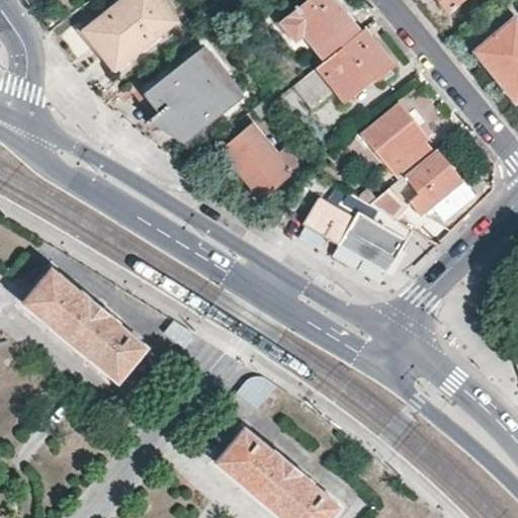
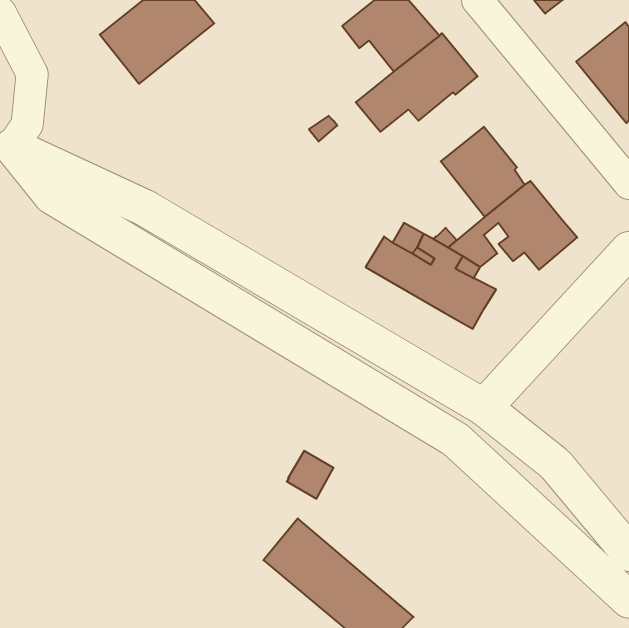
building: [145,49,239,140] -> none
building: [218,123,301,195] -> none
building: [23,268,147,380] -> none

